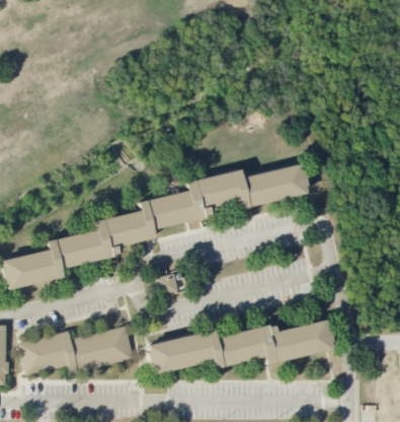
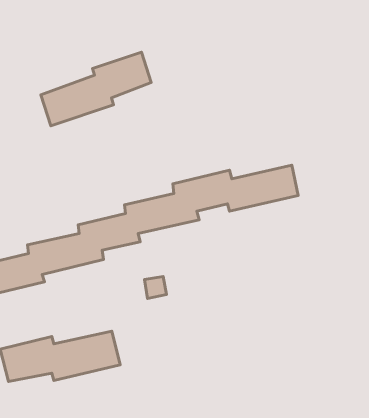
building: none -> [41,52,151,126]
building: [145,322,329,375] -> none

